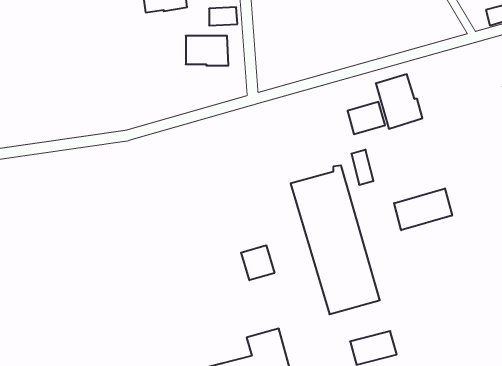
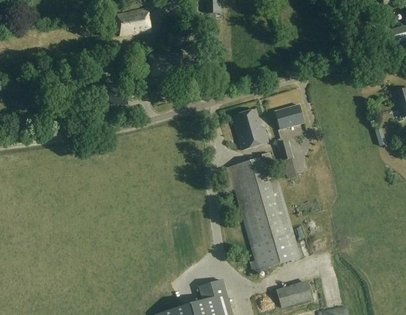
building: [376,74,422,129] -> [231,108,267,150]
building: [394,188,452,230] -> none
building: [241,245,274,280] -> none

